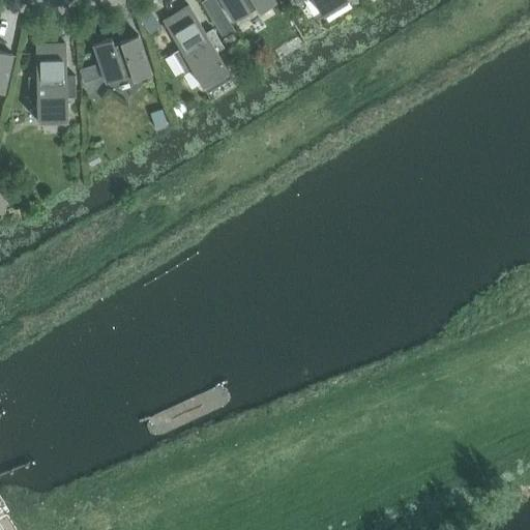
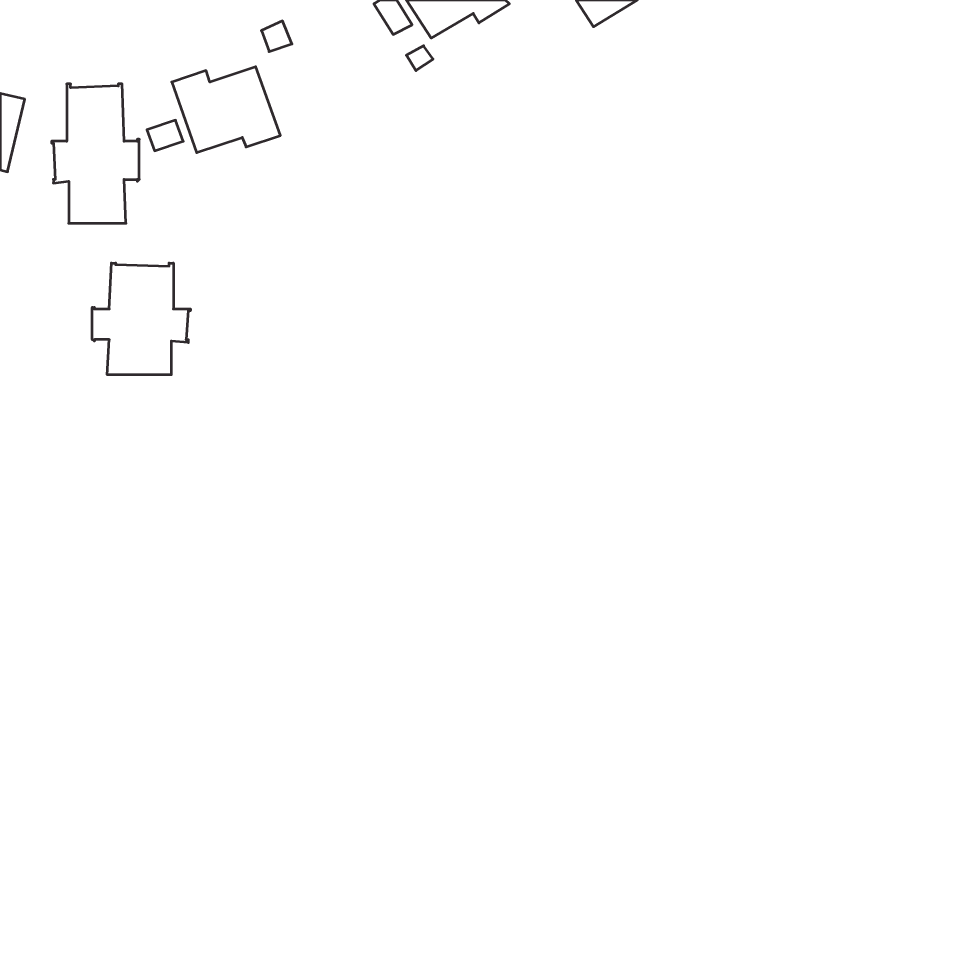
building: [165,7,230,88] -> none
building: none -> [92,263,190,375]

